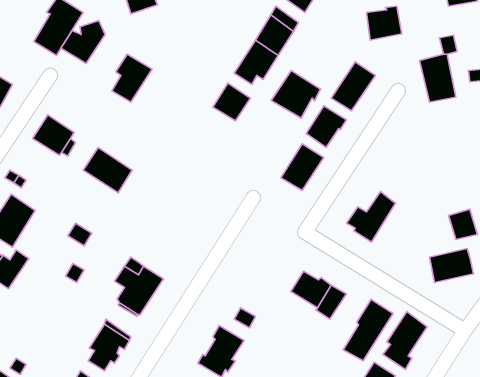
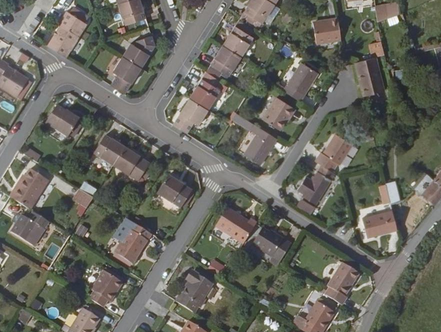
building: [61,21,105,63] -> [122,34,157,68]
building: [271,70,321,118] -> none
building: none -> [172,98,208,133]
building: none -> [316,134,353,172]
building: none -> [115,148,152,182]
building: none -> [157,174,193,208]
building: none -> [215,207,257,244]
building: [343,299,393,361] -> none

